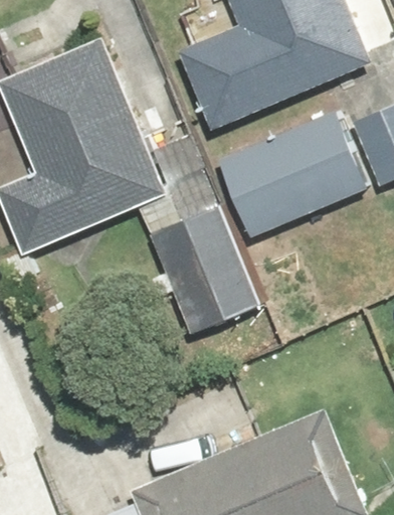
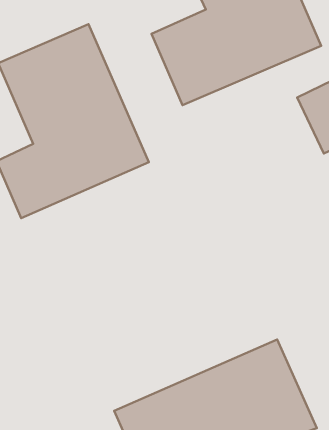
building: [212,109,365,236] -> none
building: [150,208,262,338] -> none

